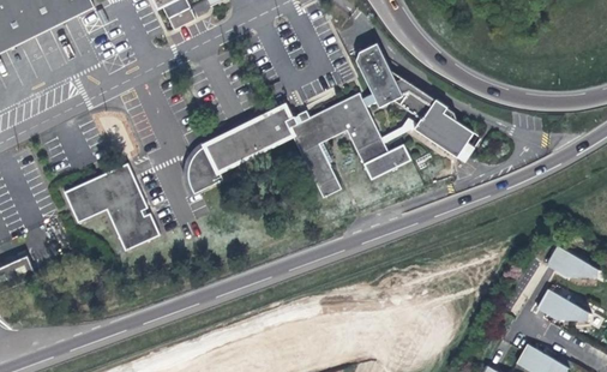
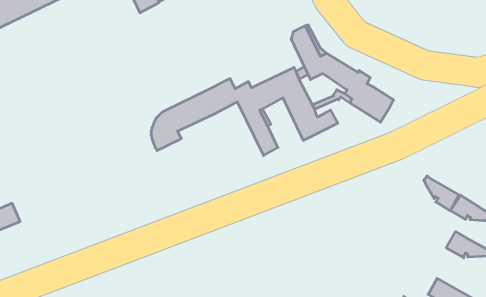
building: [65,163,160,250] -> none
building: none -> [424,176,459,211]

